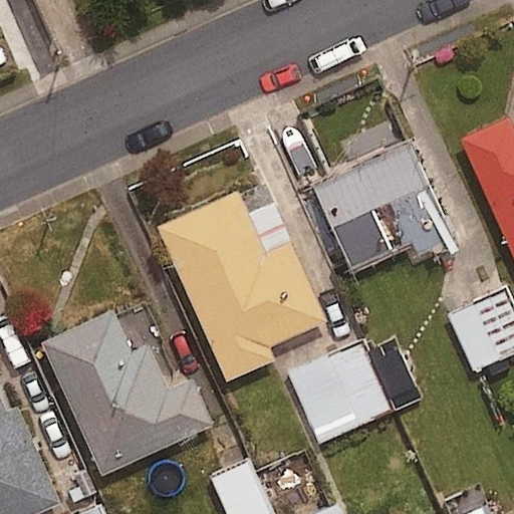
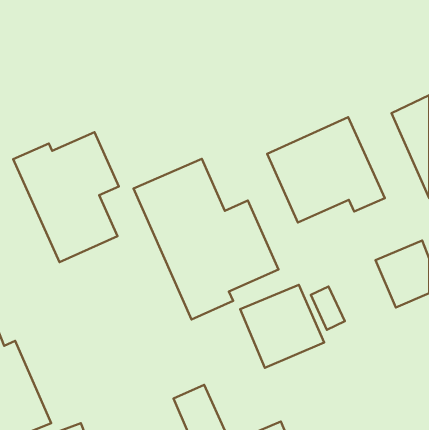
building: none -> [13,132,119,262]
building: [43,312,214,475] -> none

